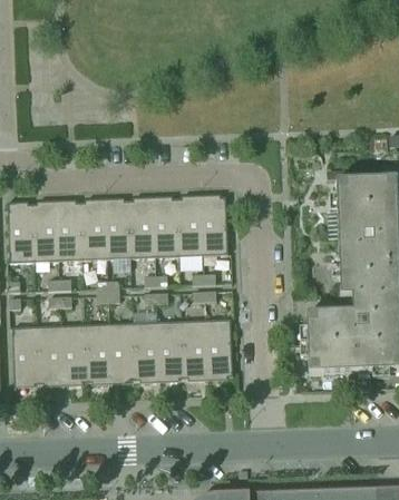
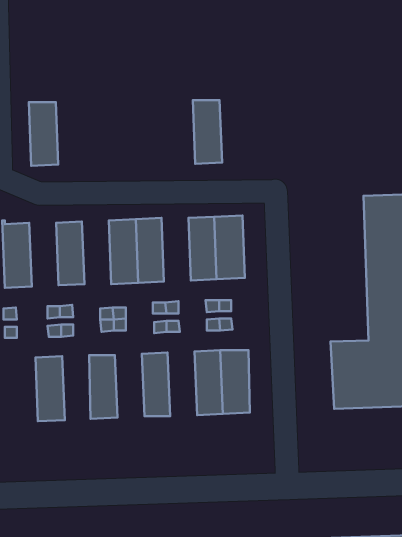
building: [152,199,178,257] -> [193,100,222,164]
building: [79,202,106,259] -> none
building: [31,204,58,262] -> [29,102,58,166]
building: [157,321,184,380] -> none
building: [109,323,136,381] -> none
building: [61,324,87,383] -> none
building: [11,326,39,389] -> none

